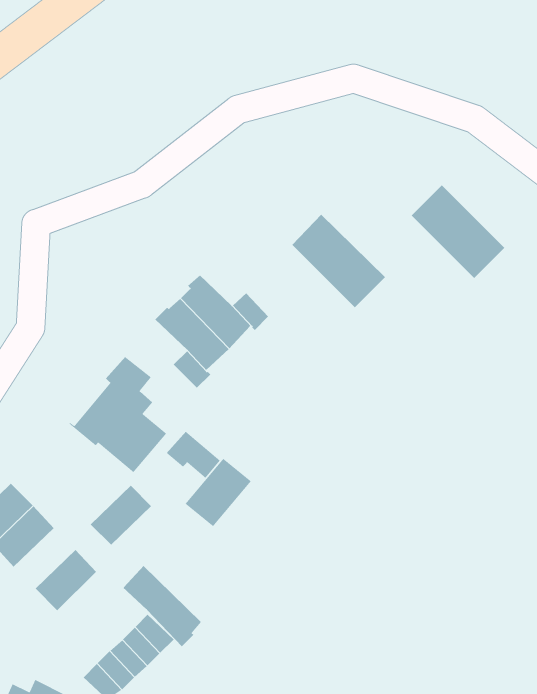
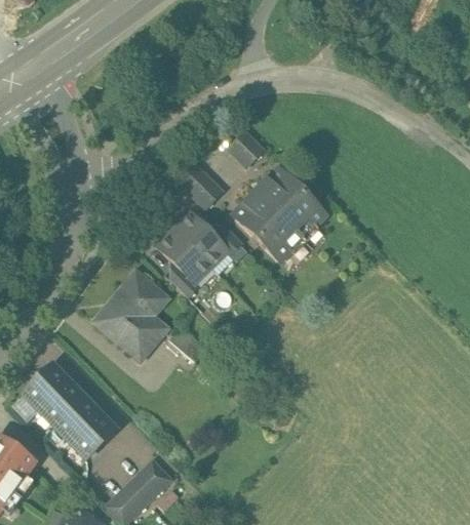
building: none -> [230,130,264,164]
building: [411,184,505,279] -> [235,190,304,258]
building: none -> [181,163,223,205]
building: [184,458,252,527] -> none
building: [90,485,152,546] -> [55,396,101,440]
building: [122,565,202,647] -> none

